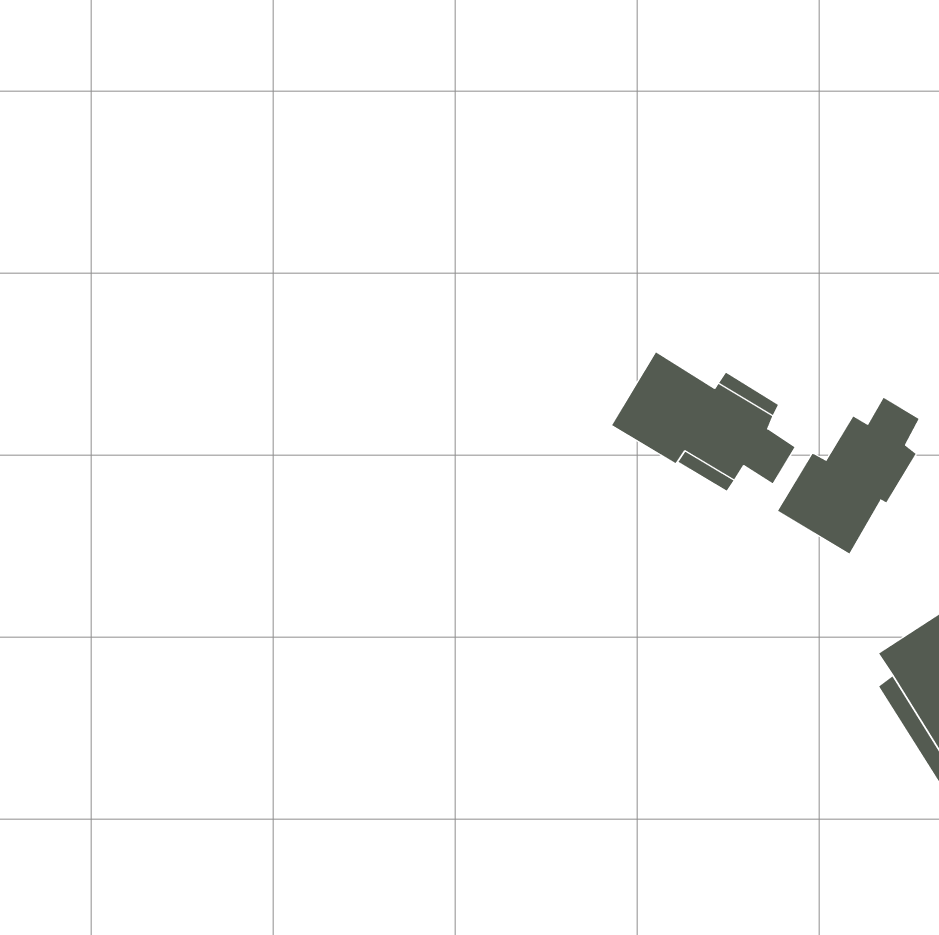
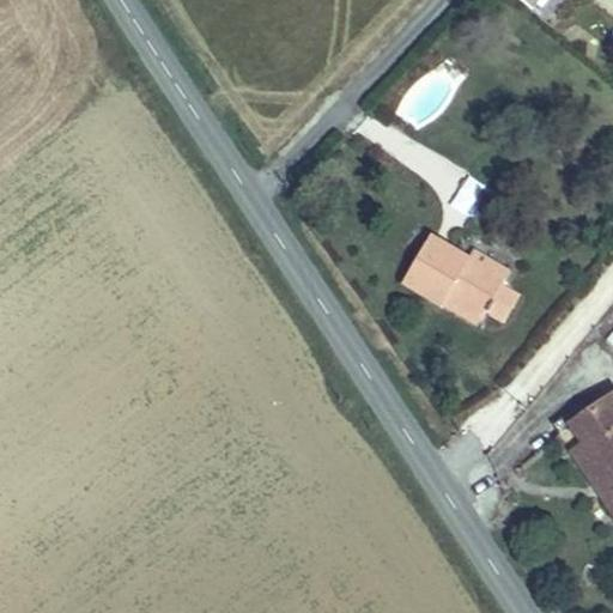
building: [777,397,920,554] -> none

